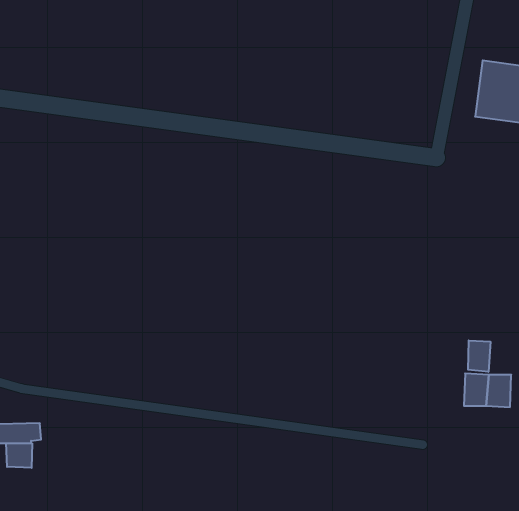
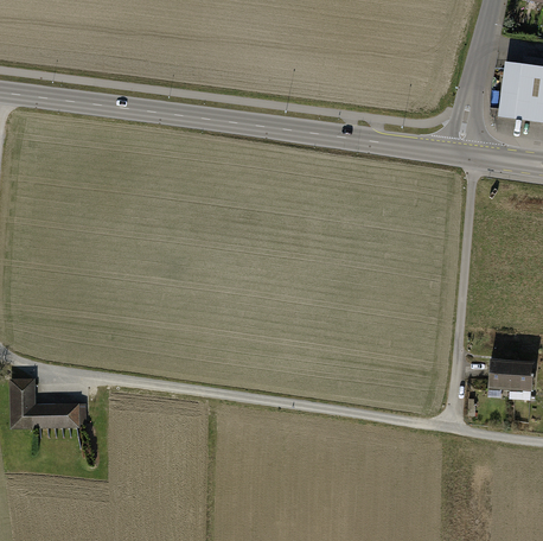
building: [468,340,490,372] -> none
building: [6,443,32,468] -> none

